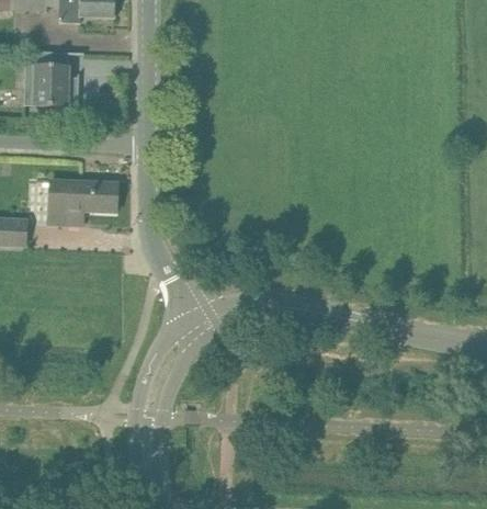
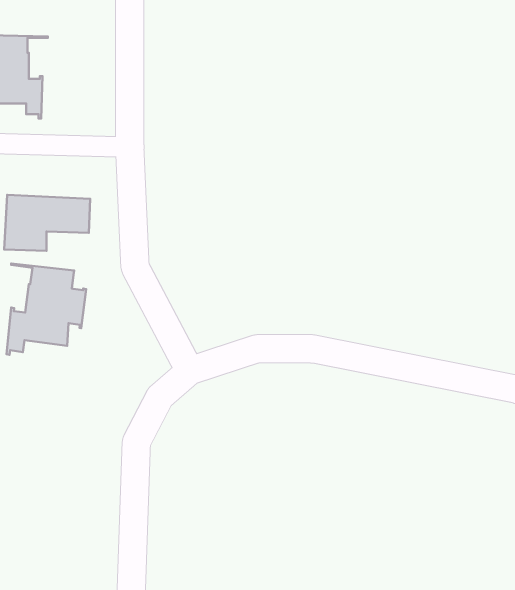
building: none -> [7,263,86,355]

